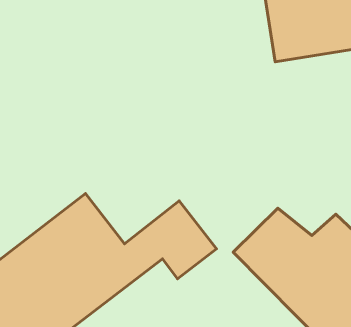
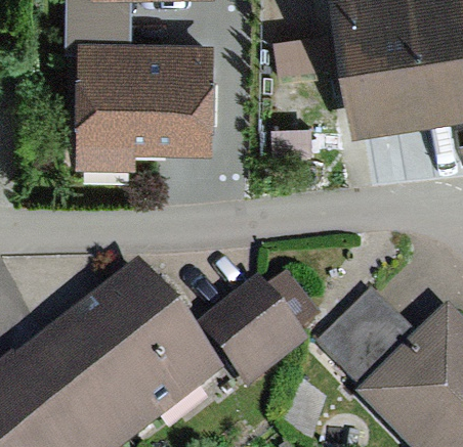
building: none -> [84,48,203,138]

